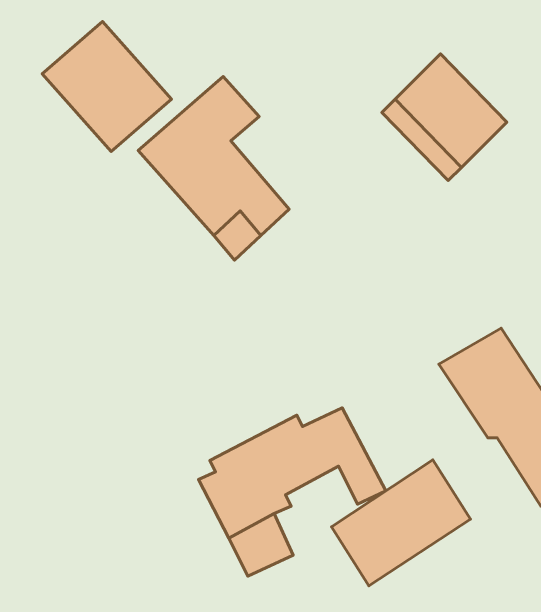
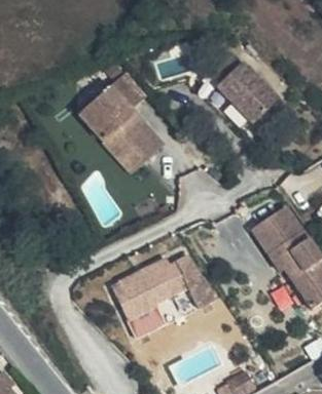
building: [42,22,172,152] -> none
building: [331,460,470,586] -> none

